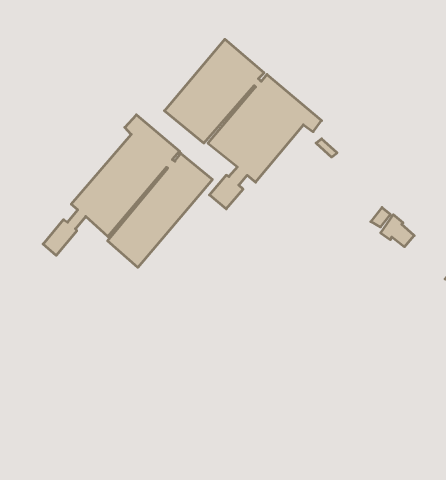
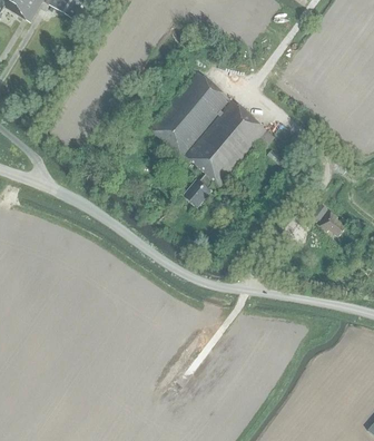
building: [43,115,212,267] -> none

